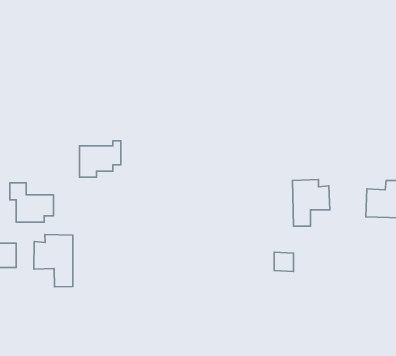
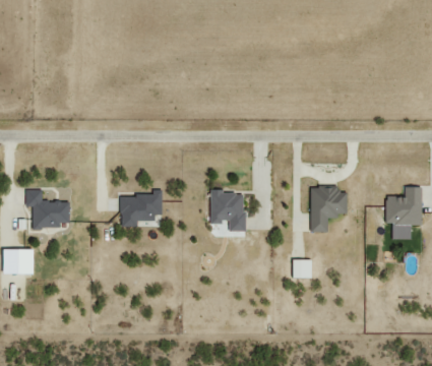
building: [79,141,121,177] -> [121,190,163,227]
building: none -> [210,191,246,232]
building: [34,235,73,287] -> none

